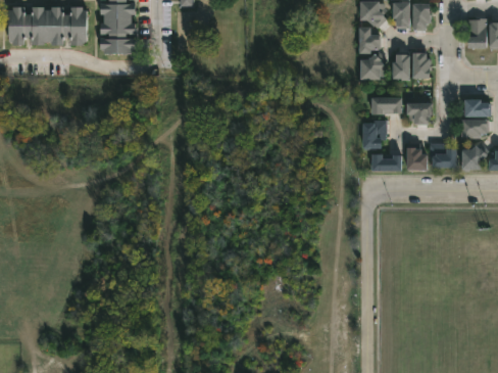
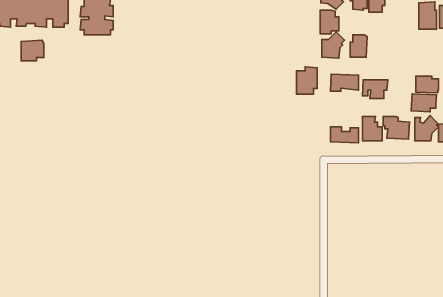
building: [412,53,431,79] -> none
building: none -> [21,40,44,61]
building: [361,120,384,149] -> [297,67,317,94]

